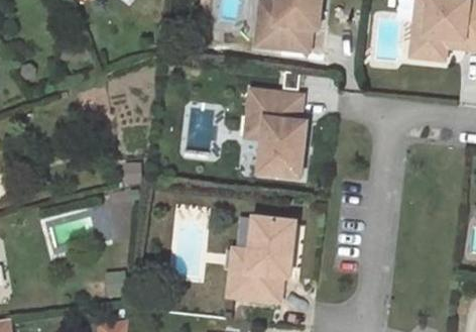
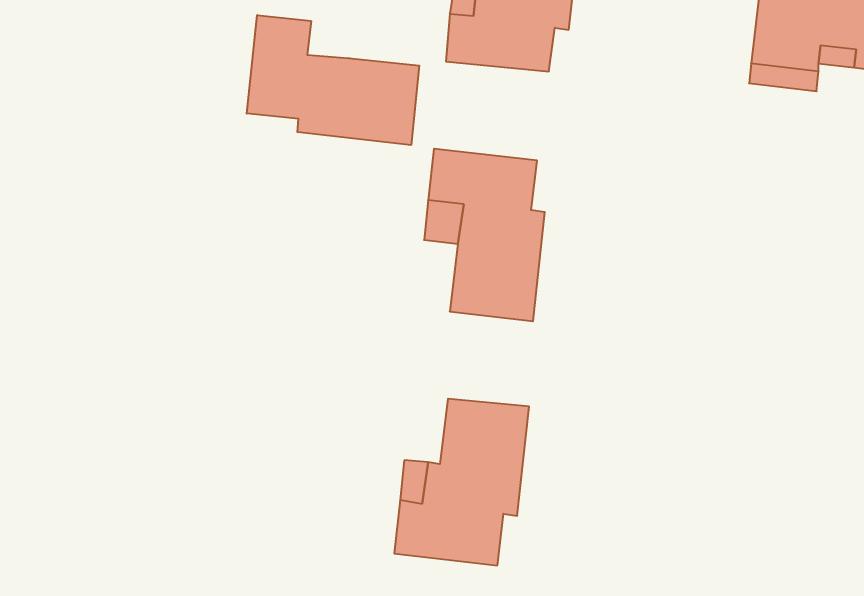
building: none -> [247,15,419,145]

